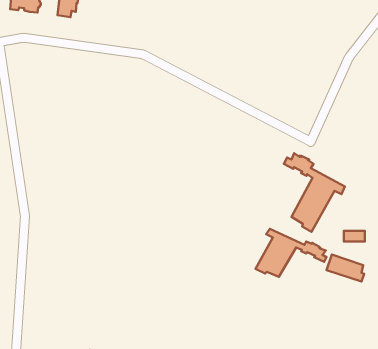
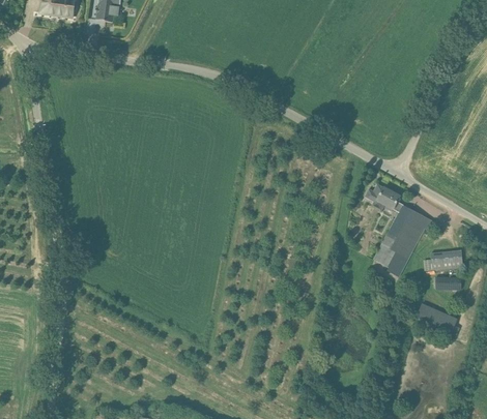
building: none -> [424,251,463,271]
building: [256,229,327,277] -> none

